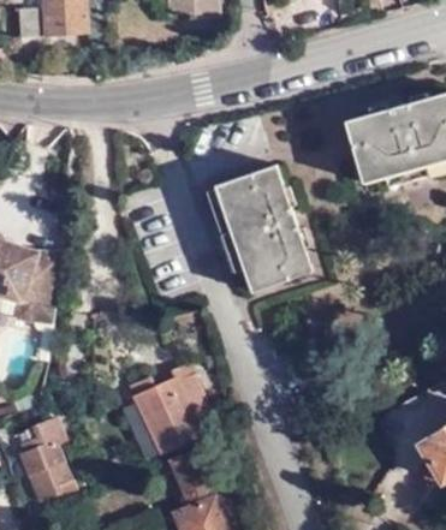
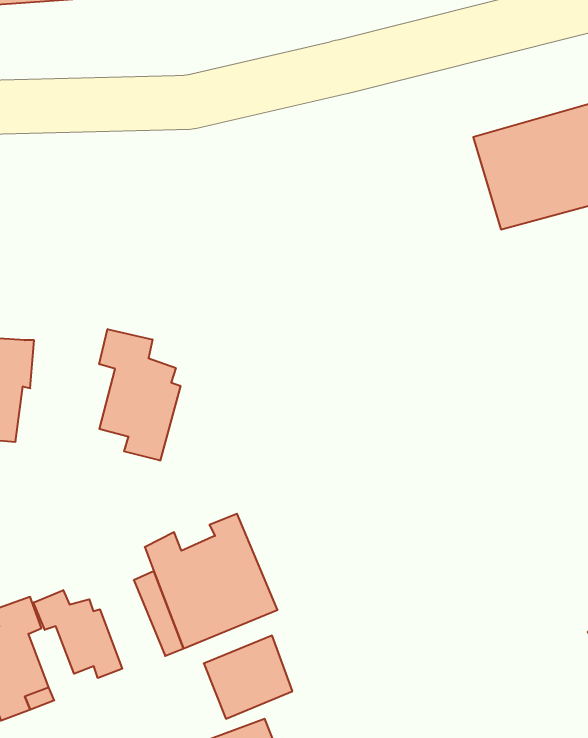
building: [214,163,313,290] -> none
building: none -> [99,329,180,461]
building: none -> [33,590,122,678]

